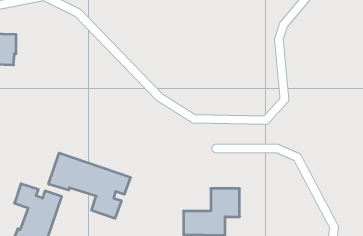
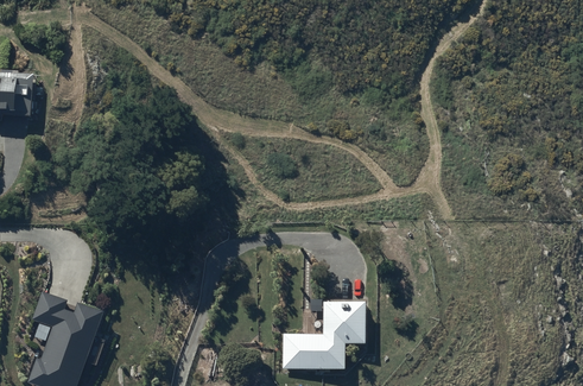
building: [49,153,130,218] -> none

